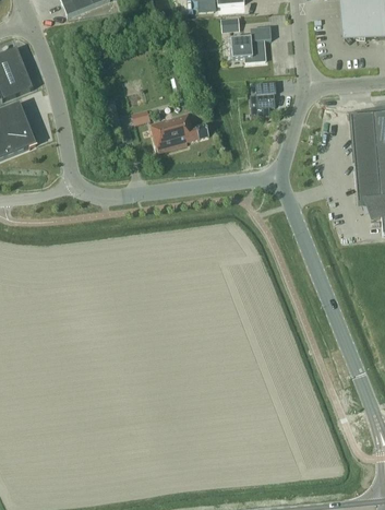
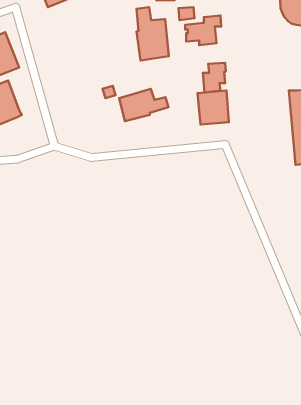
building: none -> [136,7,169,61]
building: none -> [198,90,229,124]

